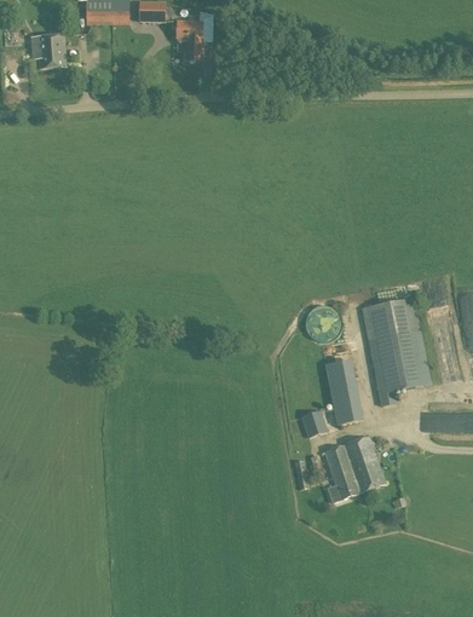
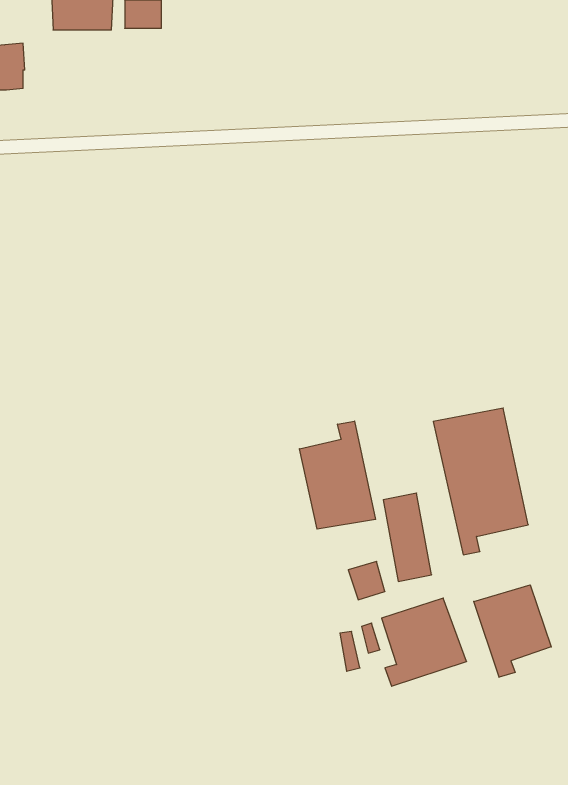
building: [177,19,202,58] -> none
building: none -> [299,421,376,529]
building: none -> [474,585,551,677]

